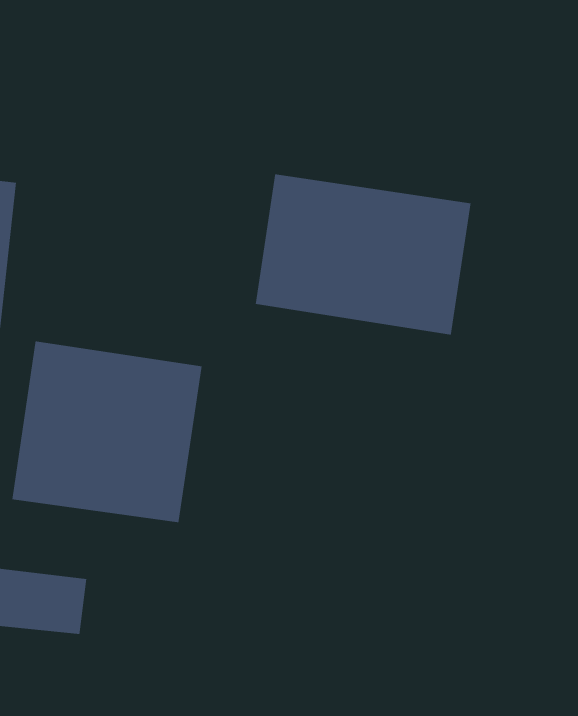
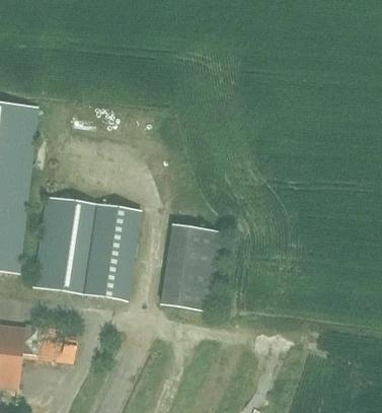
building: [255,174,471,335] -> none
building: none -> [161,224,222,312]

